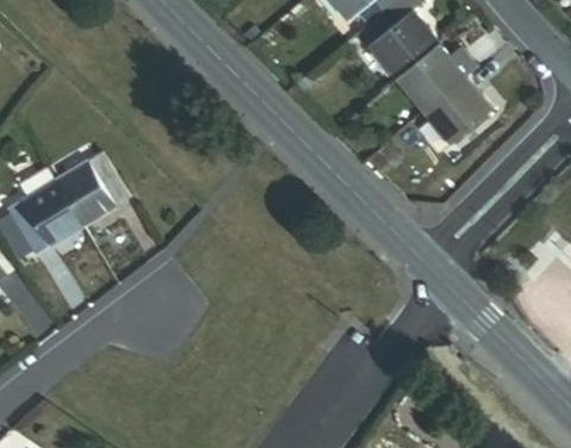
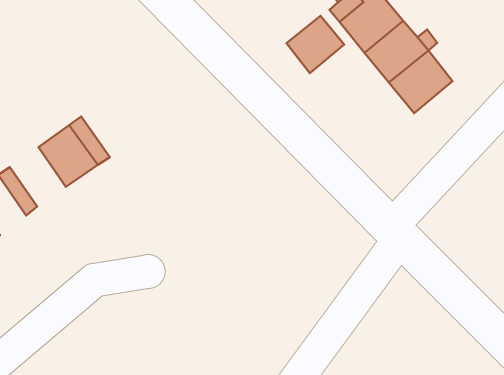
building: none -> [287,16,344,73]
building: [13,182,74,247] -> none

